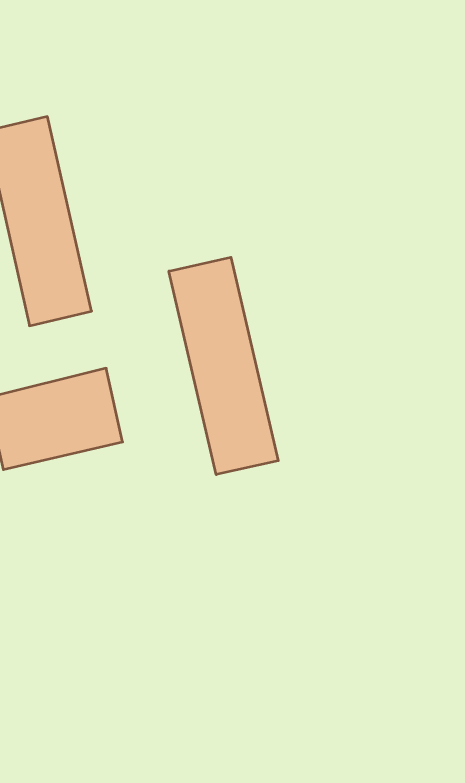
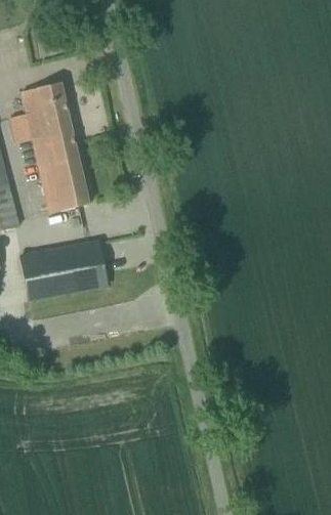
building: [169,257,278,475] -> none

